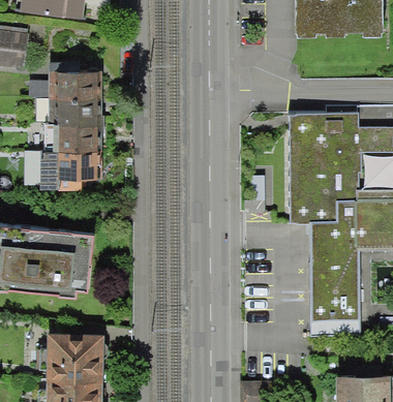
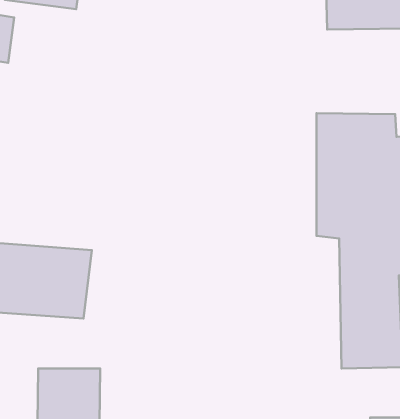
building: [40,72,101,190] -> none

